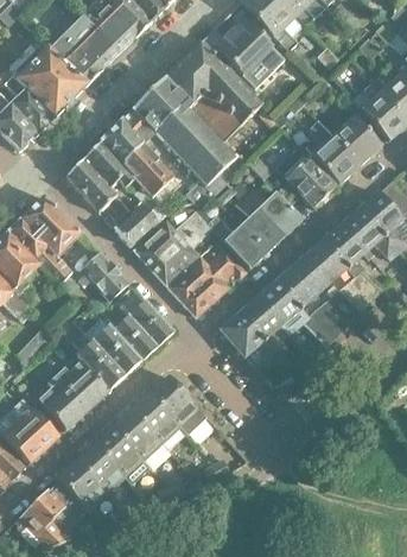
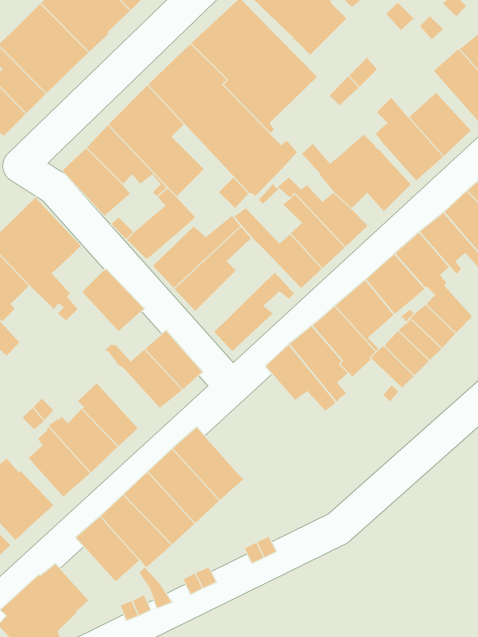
building: [167,247,229,300] -> none
building: [71,315,140,375] -> none
building: [56,460,106,509] -> none

